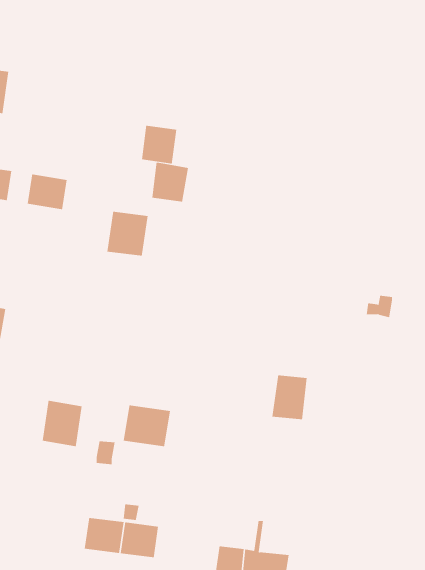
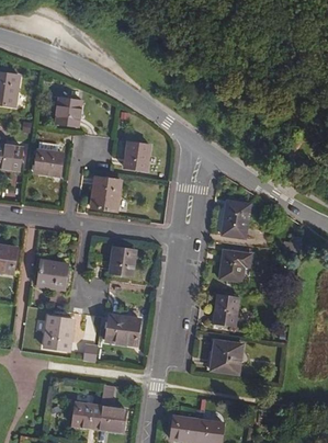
building: [141,125,177,164] -> [55,95,81,124]
building: none -> [218,202,247,238]
building: none -> [109,245,135,273]
building: none -> [216,251,249,283]
building: none -> [36,258,67,287]
building: none -> [211,342,240,374]

